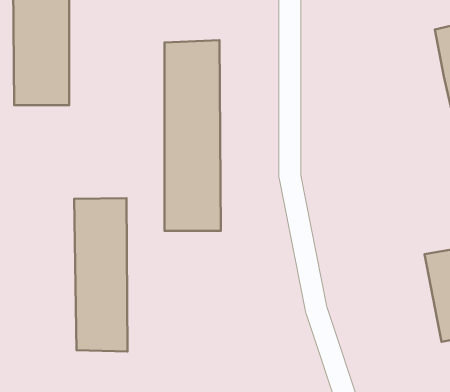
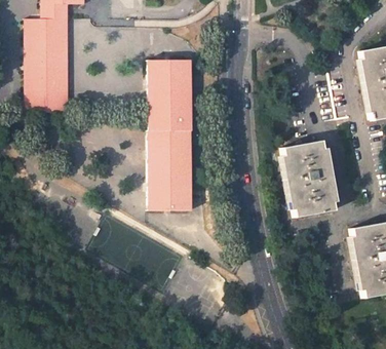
building: none -> [280,140,334,219]
building: [74,198,127,352] -> none

